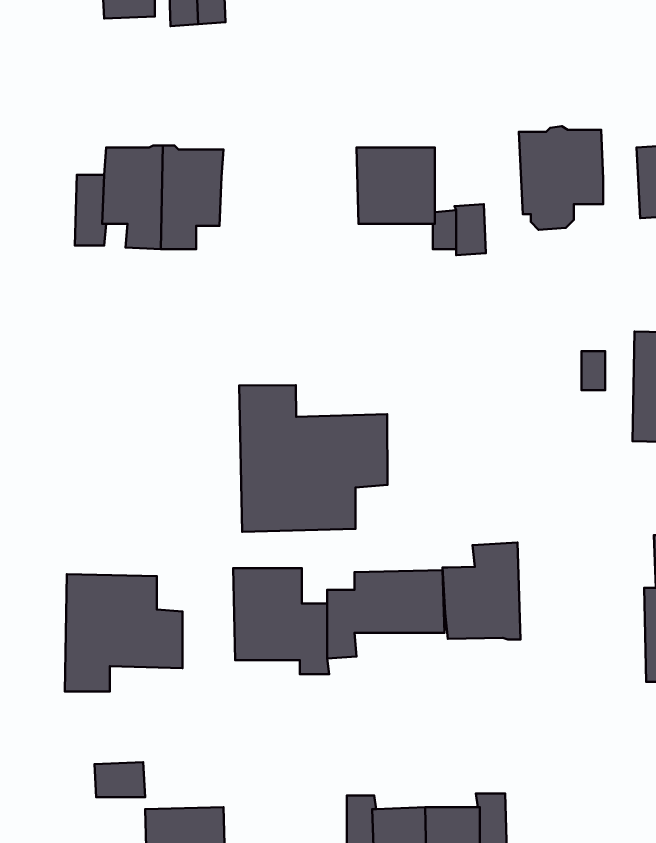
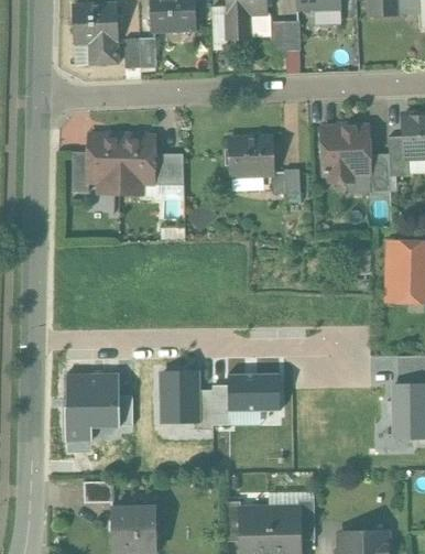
building: none -> [152,153,184,185]
building: none -> [368,154,391,193]
building: [239,385,387,532] -> none
building: [442,542,520,640] -> none

